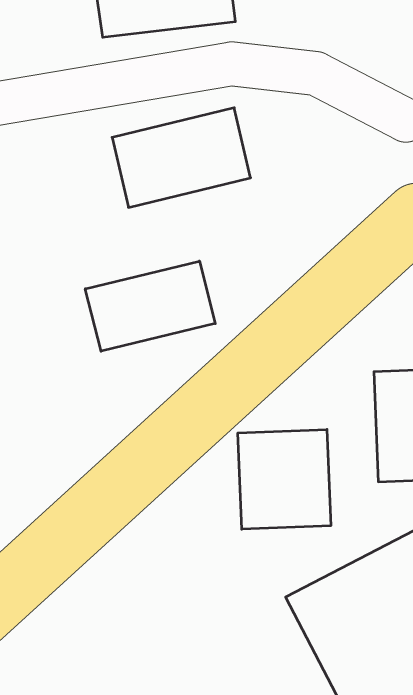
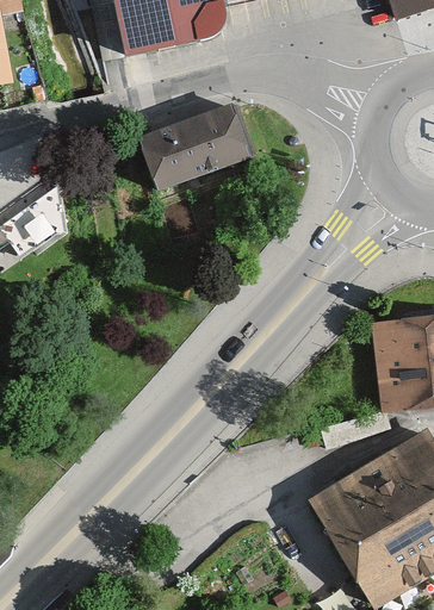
building: [85,261,215,351] -> none
building: [238,429,331,529] -> none

